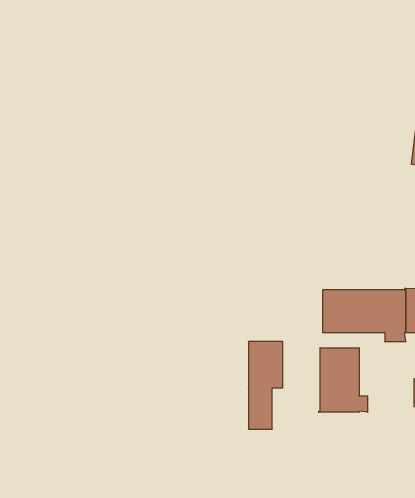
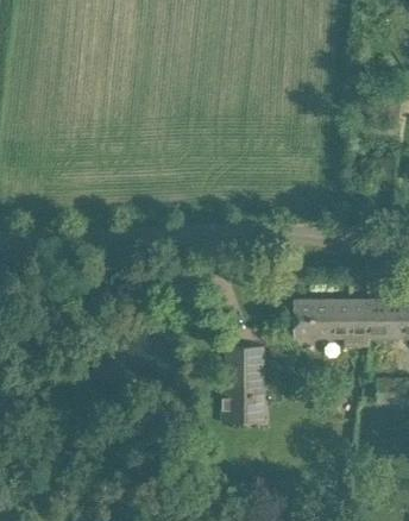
building: [319,348,368,412] -> none

